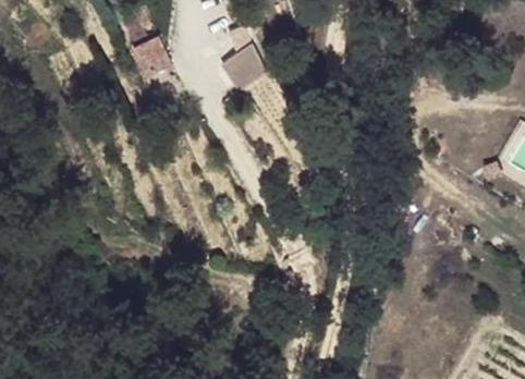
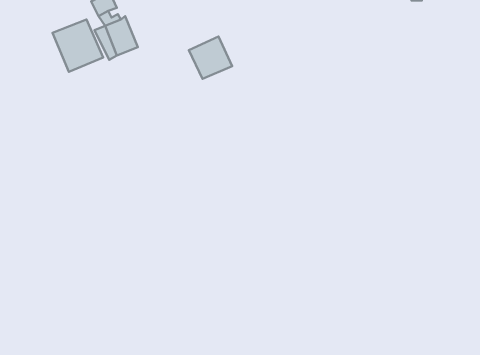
building: none -> [53,19,103,72]

